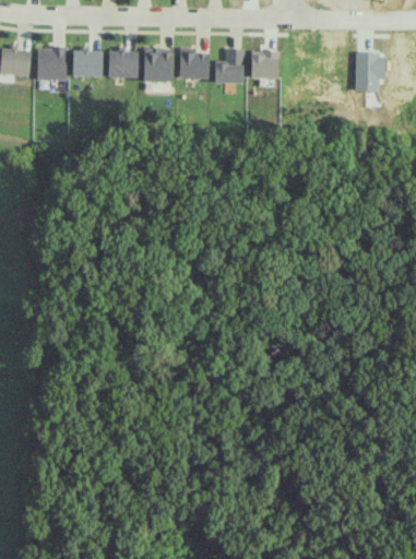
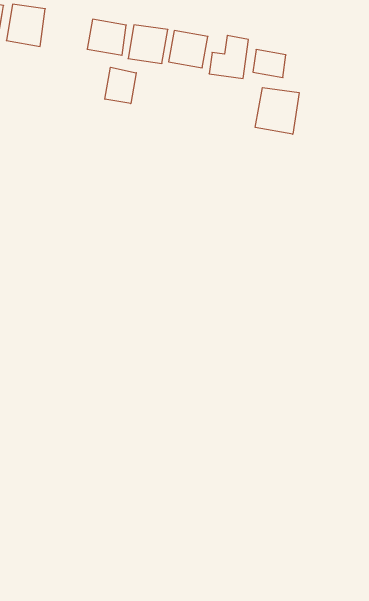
building: [72,50,103,76] -> none
building: none -> [255,88,299,134]
building: none -> [105,67,136,104]

